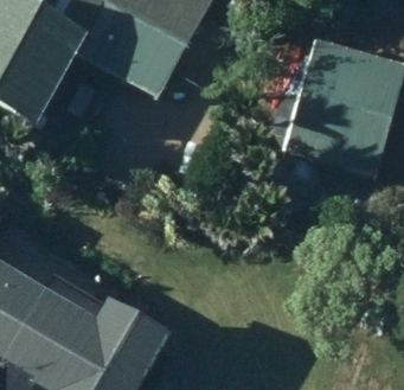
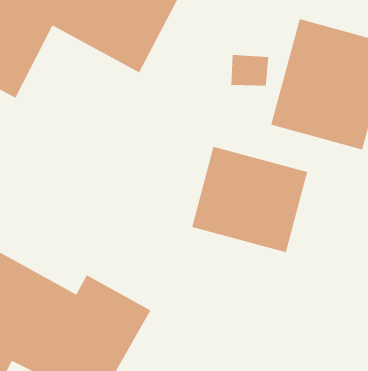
building: none -> [191,146,308,253]

